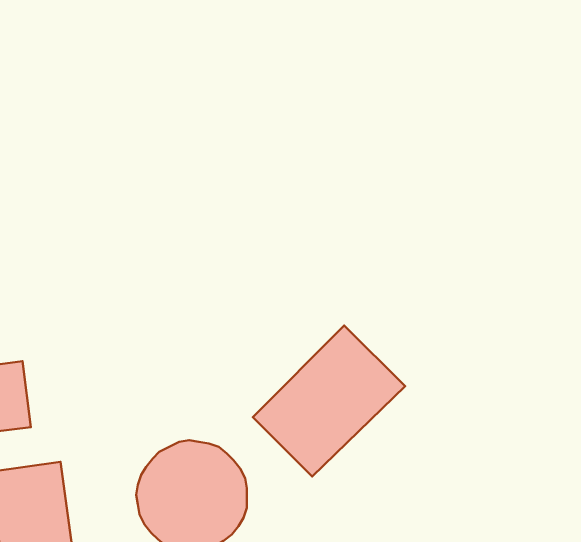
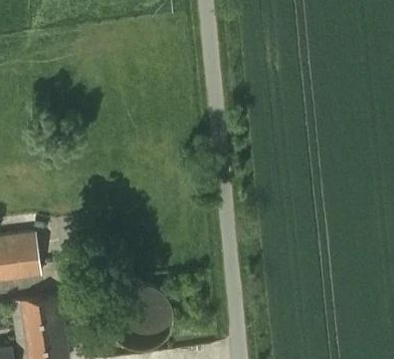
building: [253,325,405,477] -> none

